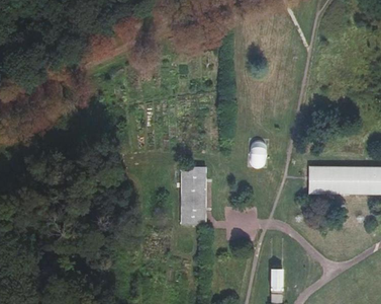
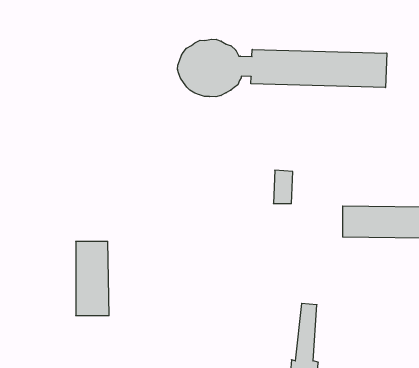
building: none -> [178,39,387,97]
building: [181,168,207,227] -> [76,241,109,316]

